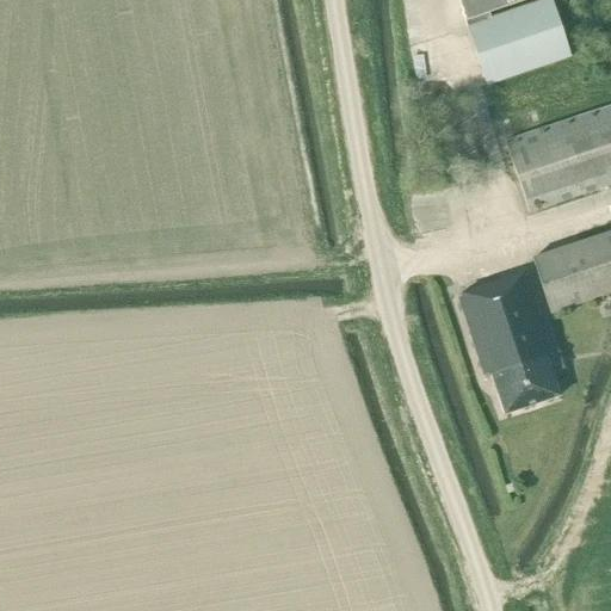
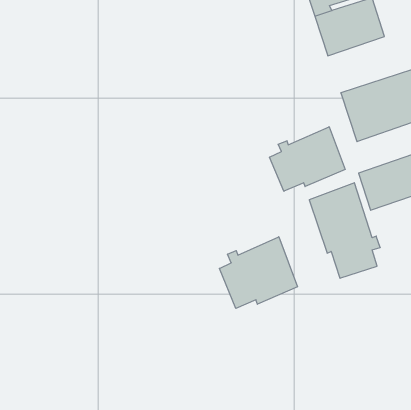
building: none -> [270,127,345,191]
building: none -> [219,237,298,308]

